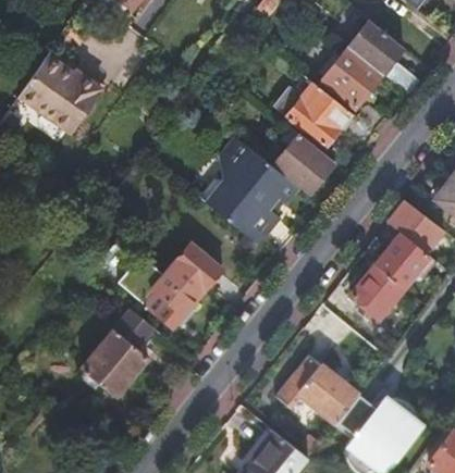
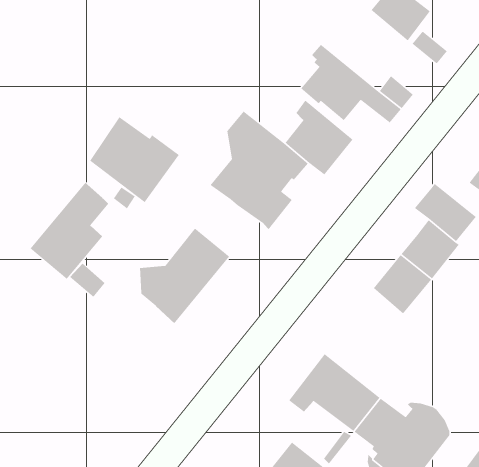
building: [321,45,383,108] -> none
building: [21,53,102,132] -> [89,116,180,203]
building: [81,307,152,395] -> [29,182,109,280]

